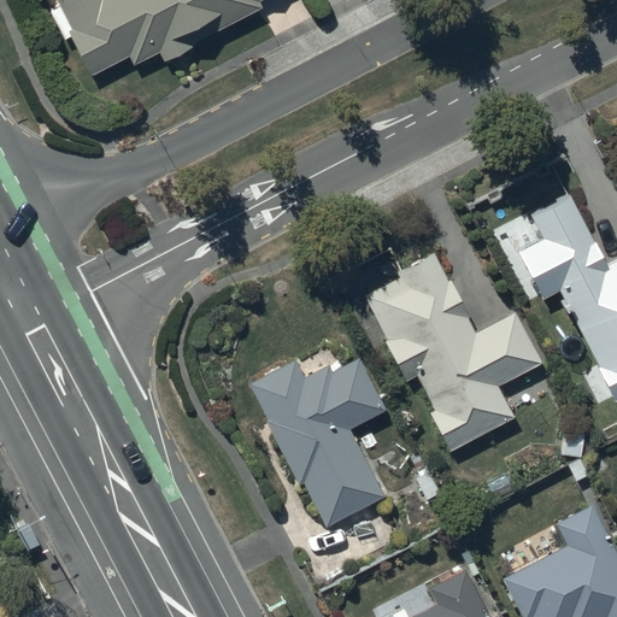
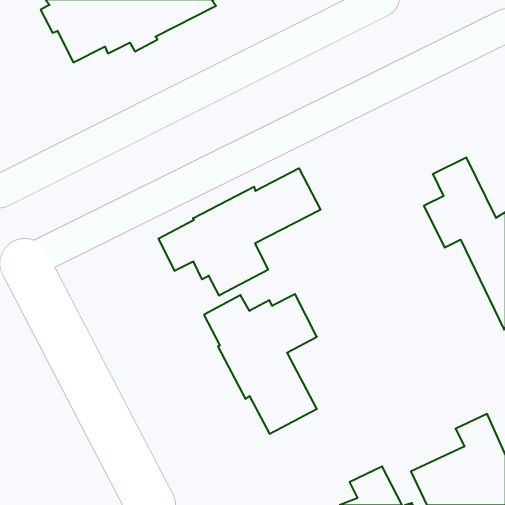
building: none -> [159,168,321,296]
building: [368,253,543,453] -> none

